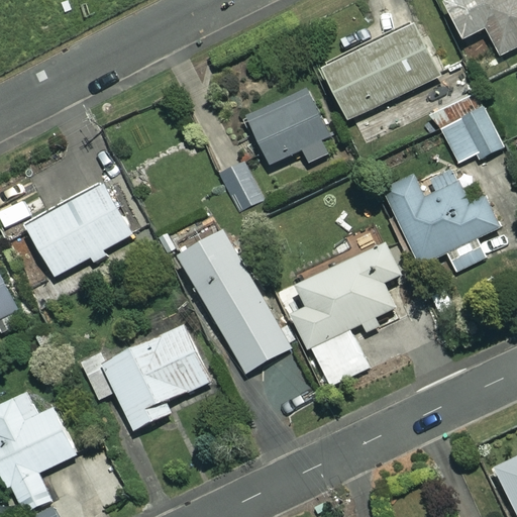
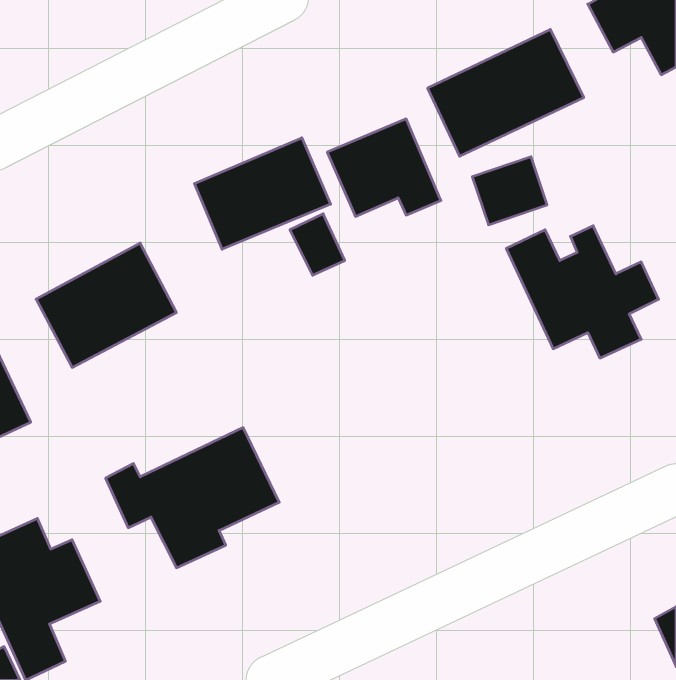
building: none -> [194,138,331,249]
building: [441,111,498,163] -> [472,157,547,225]
building: [180,230,290,372] -> none
building: [294,239,401,377] -> none

